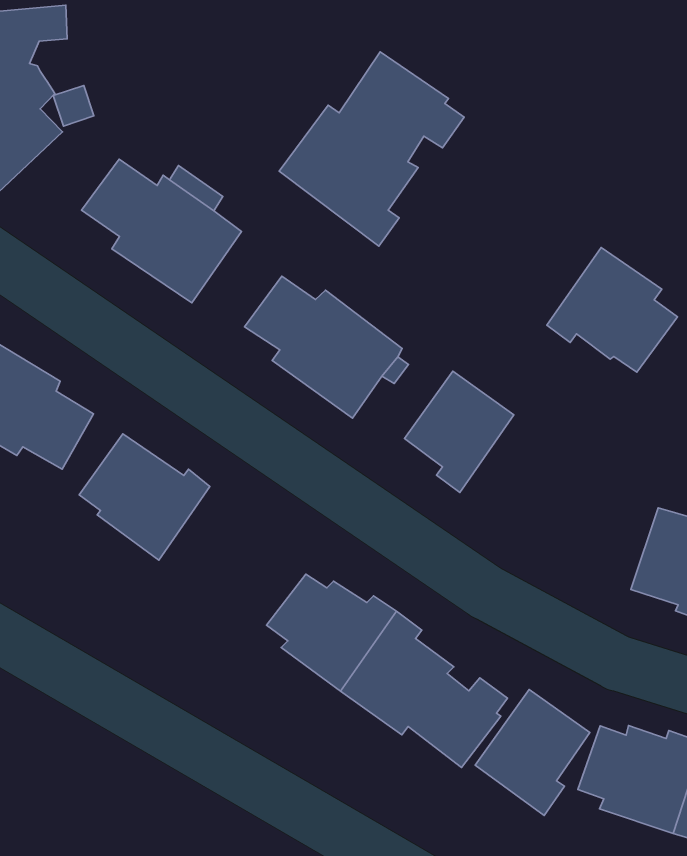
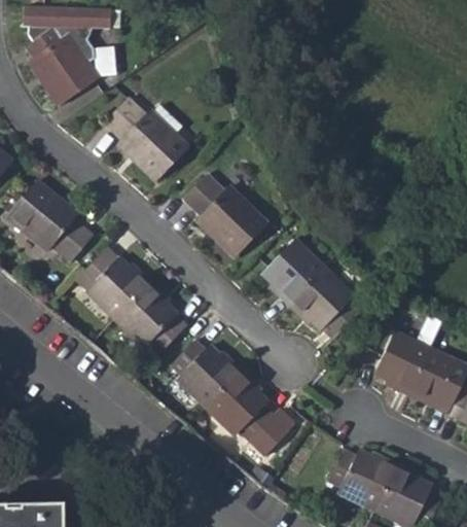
building: [279,52,464,246] -> none
building: [547,247,677,372] -> [286,269,358,340]
building: none -> [116,283,185,356]
building: [475,689,590,815] -> none

